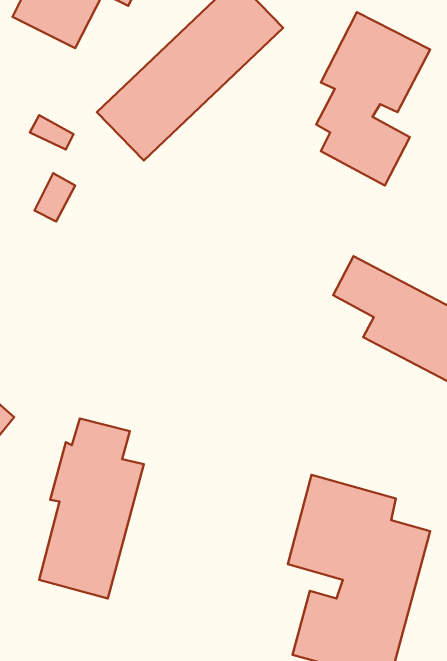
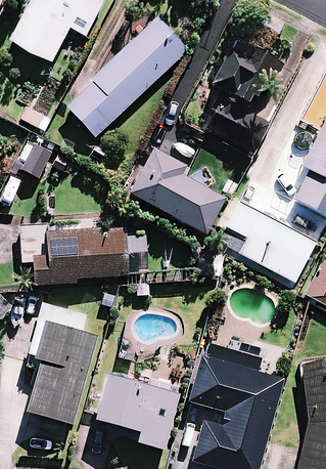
building: none -> [128,148,225,233]
building: none -> [21,223,148,284]
building: none -> [96,374,179,447]

